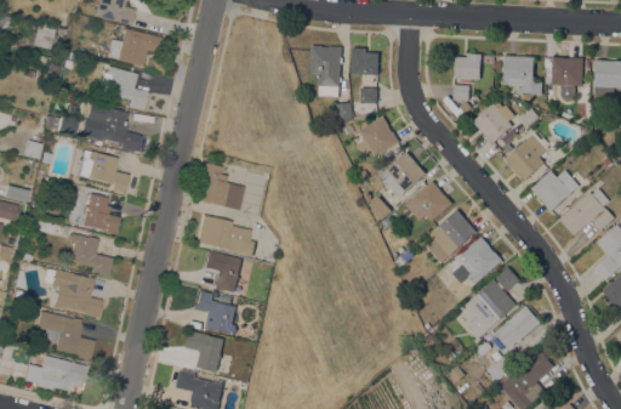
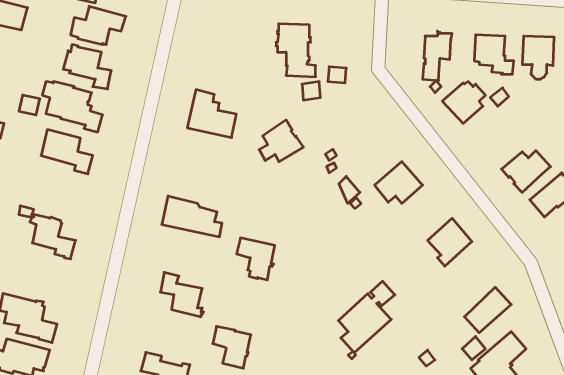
building: [352,47,380,74] -> none
building: [357,115,400,157] -> [259,120,303,162]
building: [506,135,546,181] -> none
building: [380,152,427,195] -> none
building: [195,163,244,210] -> [187,90,236,138]
building: [81,193,119,234] -> none
building: [431,209,478,256] -> none
building: [204,251,241,292] -> [237,238,275,280]
building: [465,267,520,343] -> [338,281,395,359]
building: [42,268,101,318] -> none
building: [187,330,224,371] -> [213,326,251,368]

